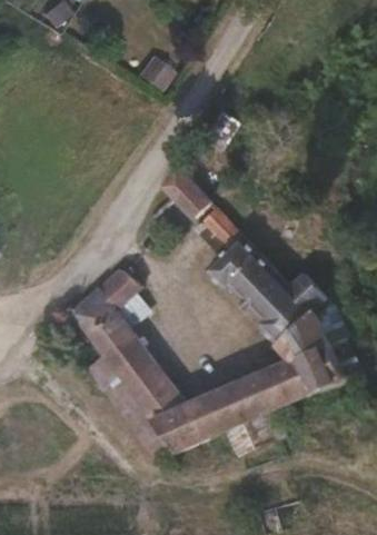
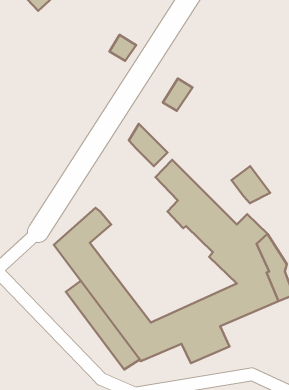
building: none -> [231,166,270,203]

